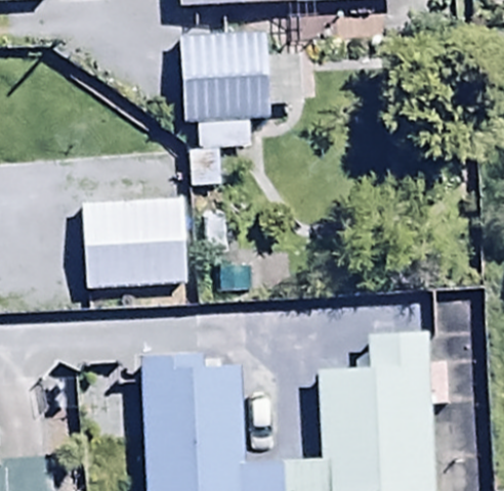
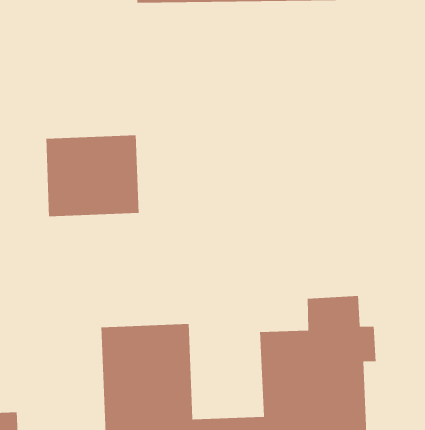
building: [179,34,300,186] -> none

